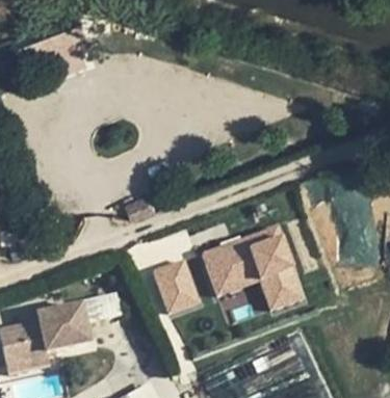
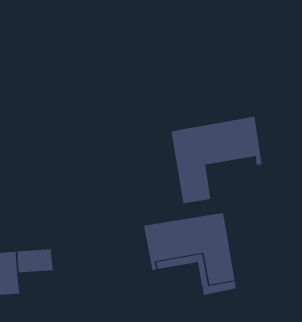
building: none -> [171,116,262,204]
building: [151,266,194,319] -> none

